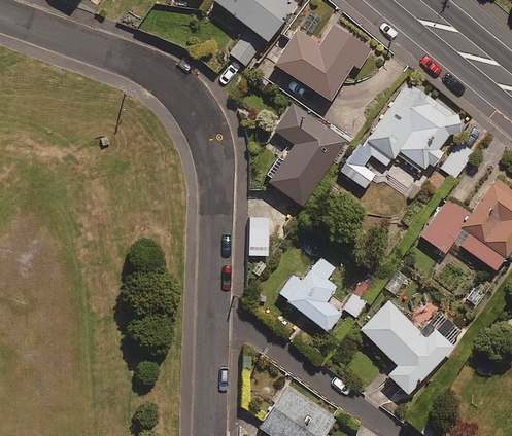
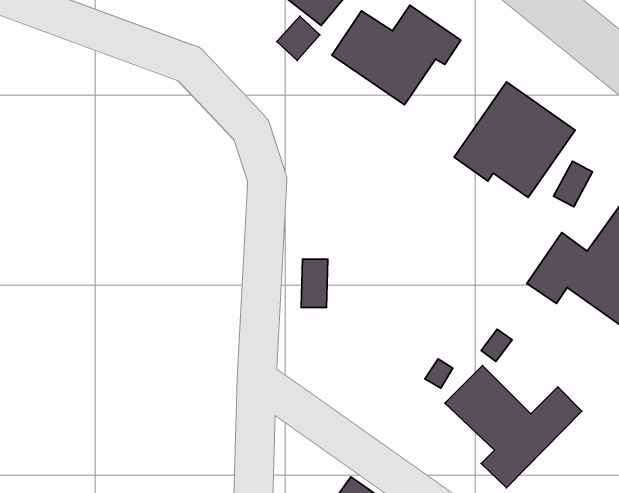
building: [268,103,348,207] -> none
building: [340,141,392,188] -> none
building: [279,258,341,332] -> none

